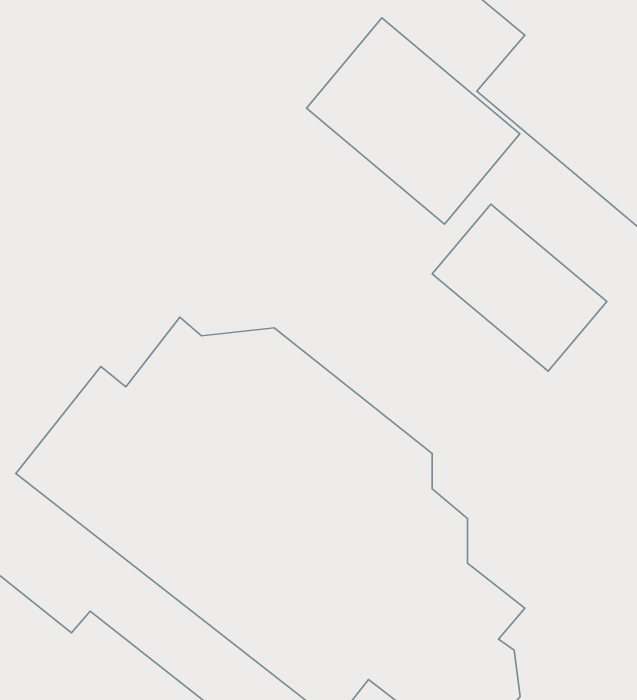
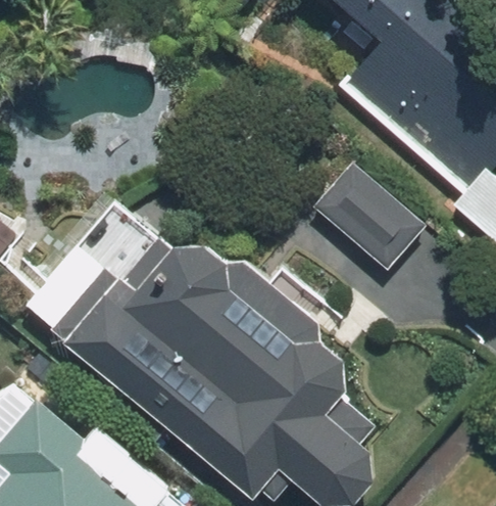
building: [306,18,520,224] -> none

